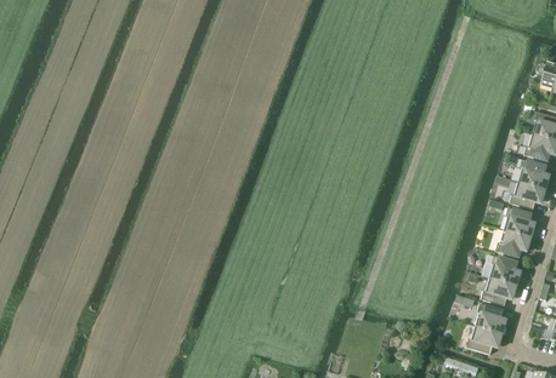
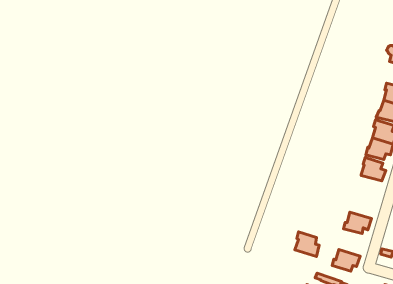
building: [497,229,532,257] -> none
building: [490,254,522,285] -> none
building: [476,302,507,333] -> [295,232,319,256]

